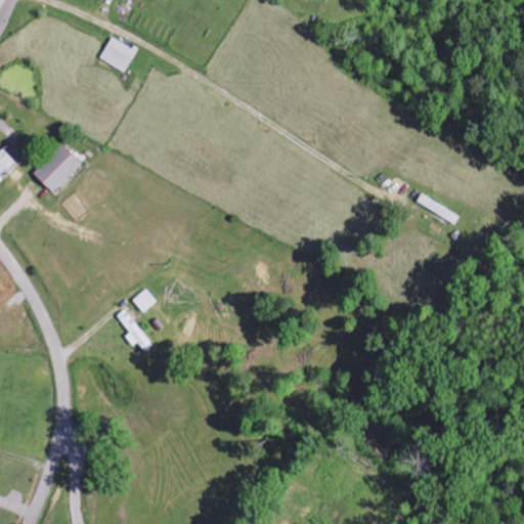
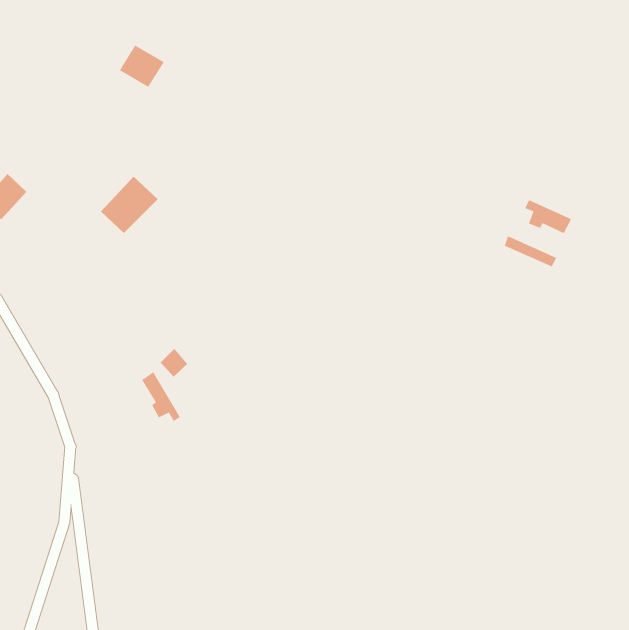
building: [34,143,82,191] -> [100,176,158,234]
building: none -> [524,199,572,234]

